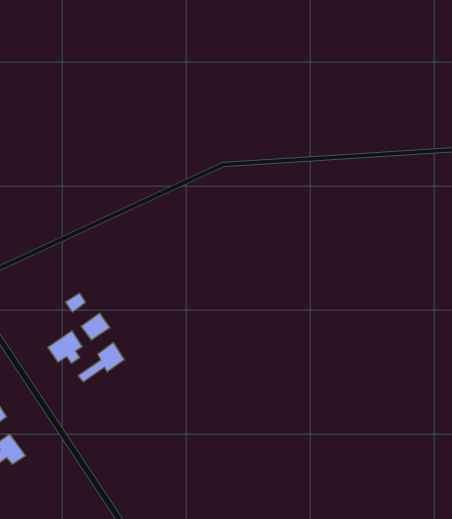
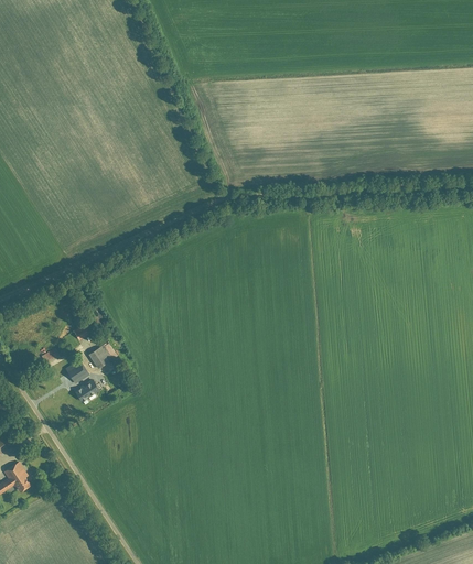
building: [78,343,124,382] -> none

